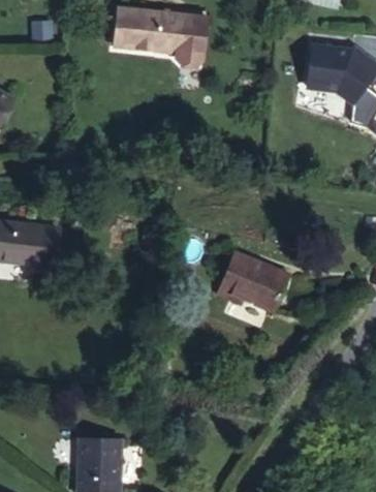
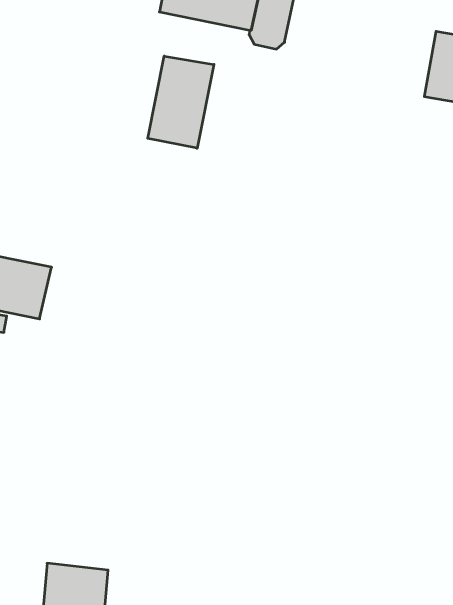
building: none -> [148,56,214,148]
building: [219,253,288,311] -> none

